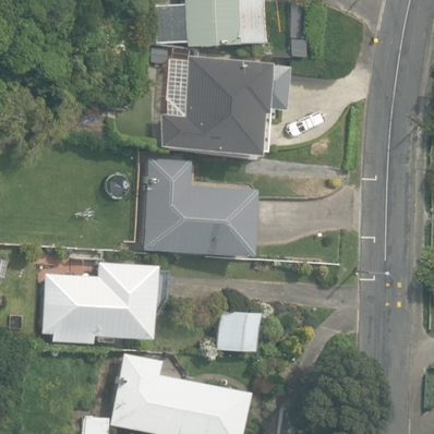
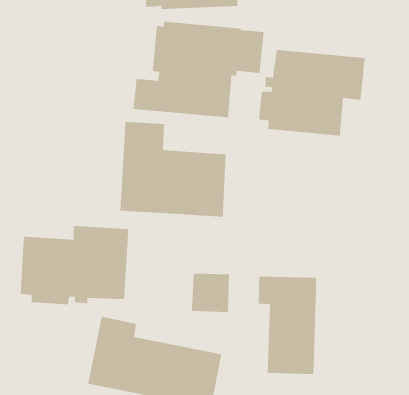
building: none -> [258,49,365,137]
building: none -> [258,276,317,375]

